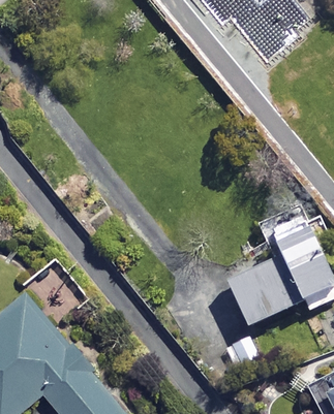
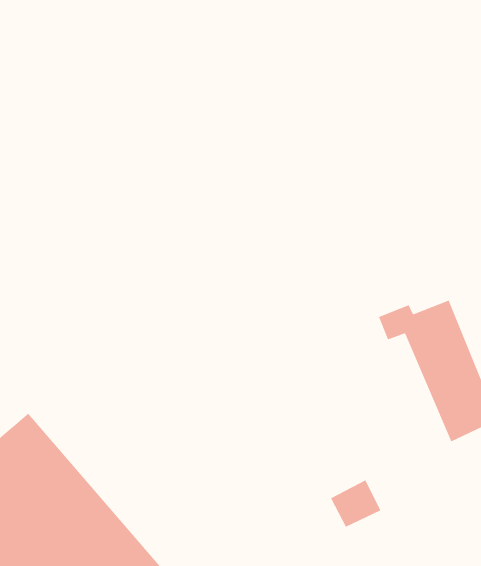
building: [226,259,295,326] -> none

